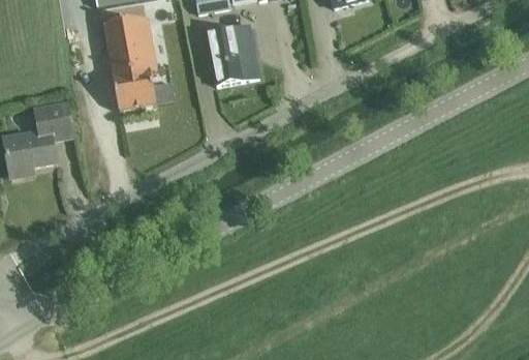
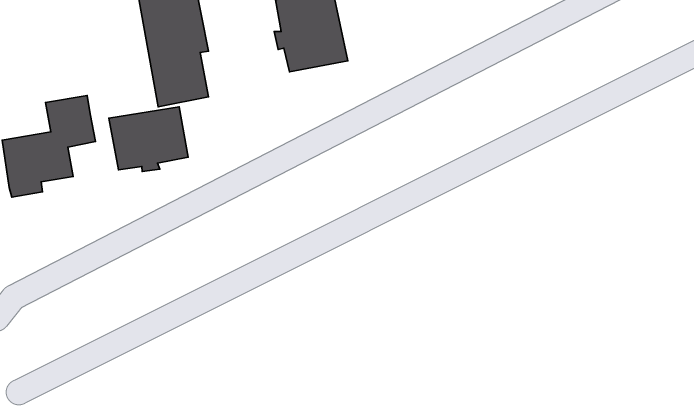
building: none -> [109,107,188,172]

